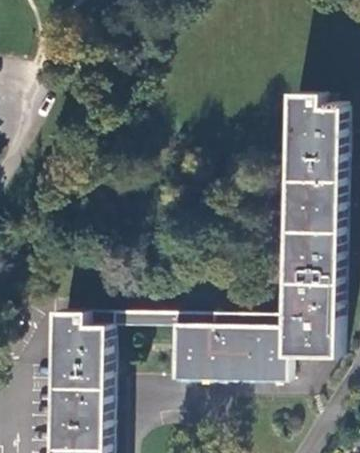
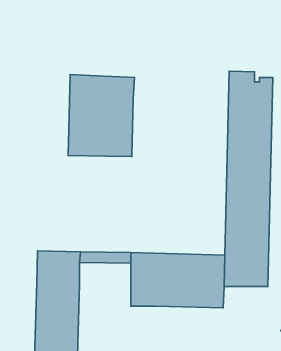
building: none -> [68,75,134,157]

